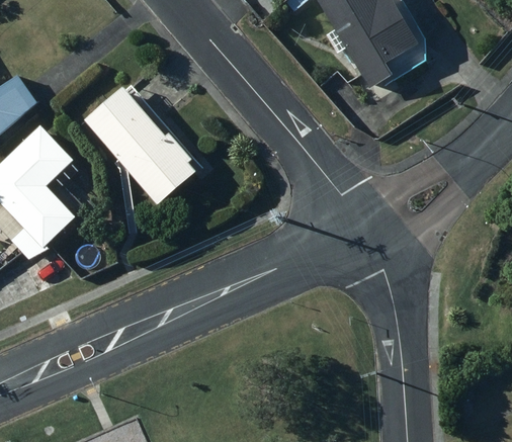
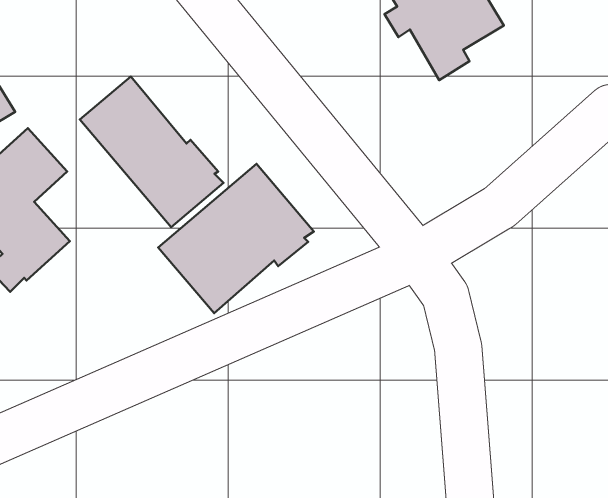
building: none -> [158,164,314,313]

